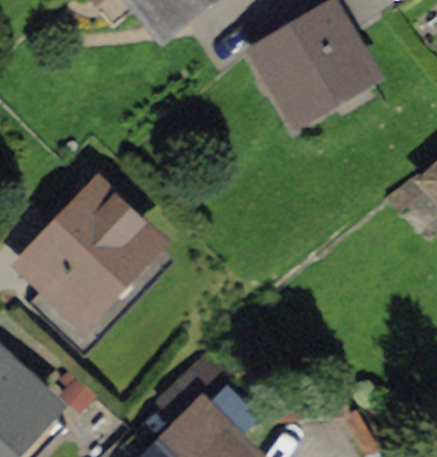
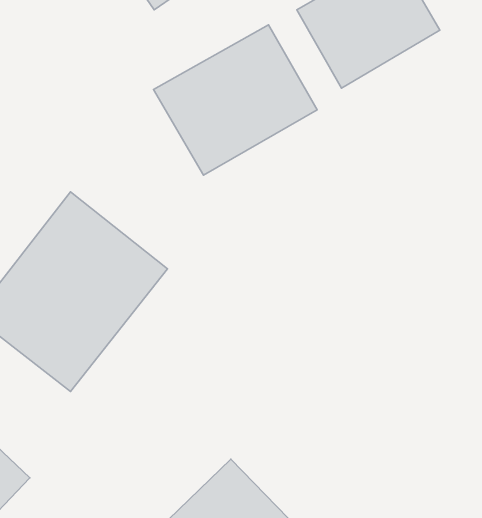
building: none -> [154,25,317,175]

